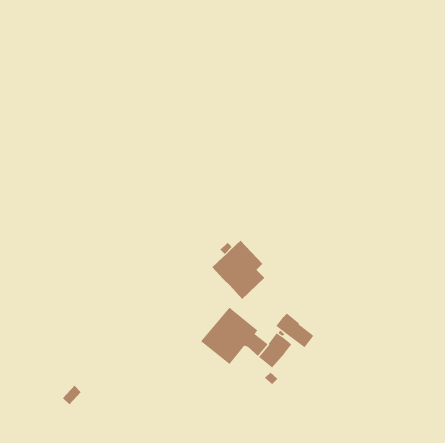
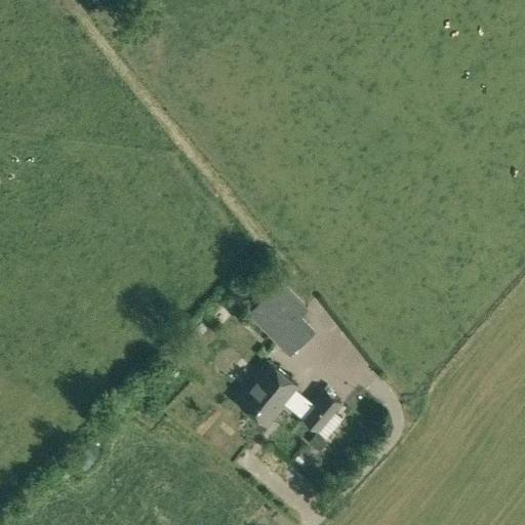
building: [276,312,314,348] -> none

